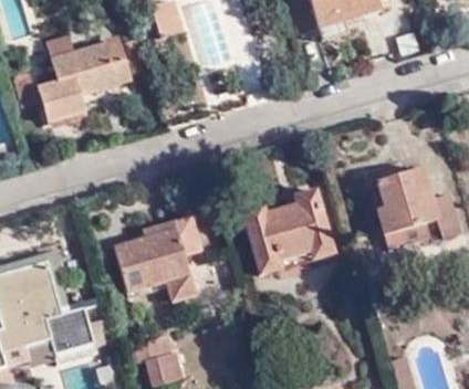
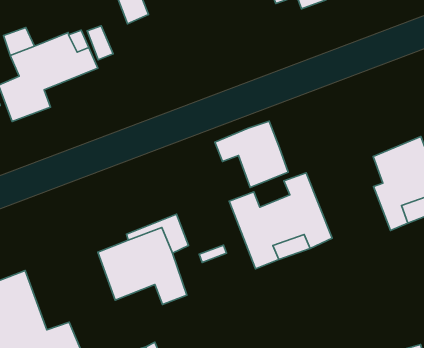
building: none -> [215,121,288,187]

